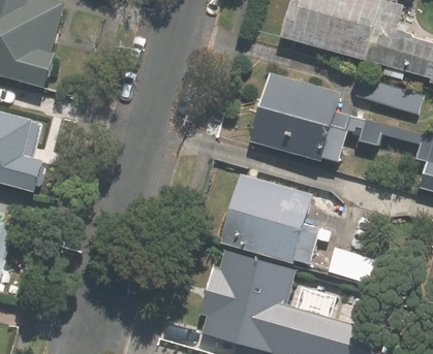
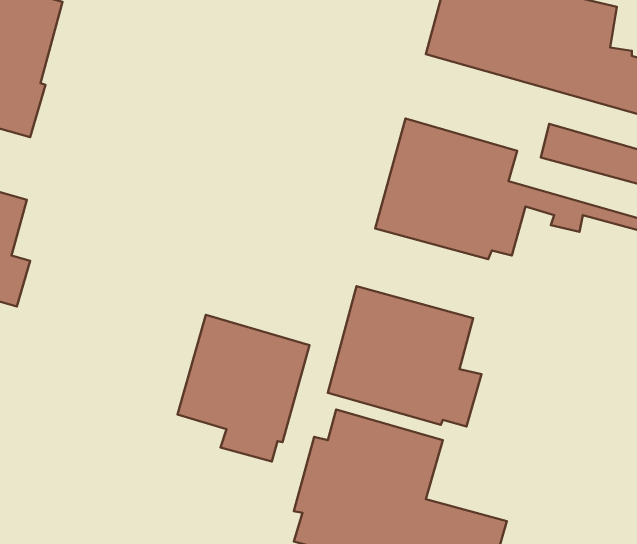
building: none -> [177,315,309,461]

